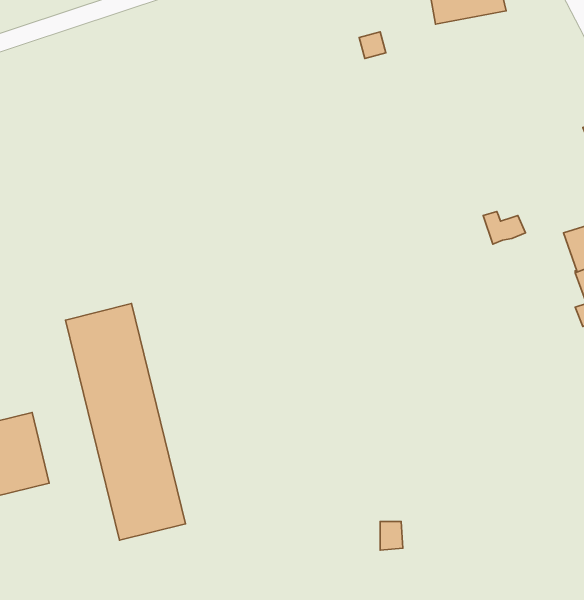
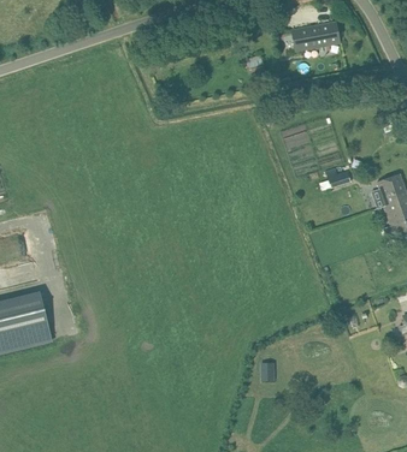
building: [65,304,186,540] -> none

